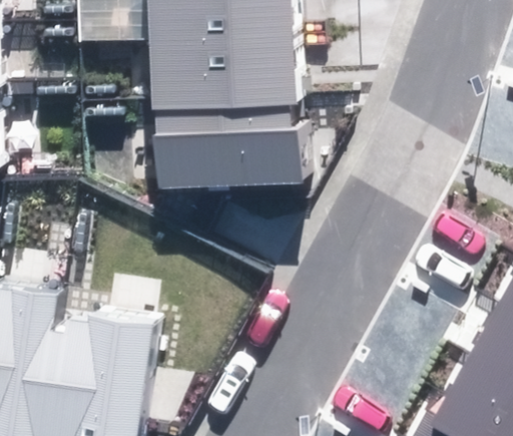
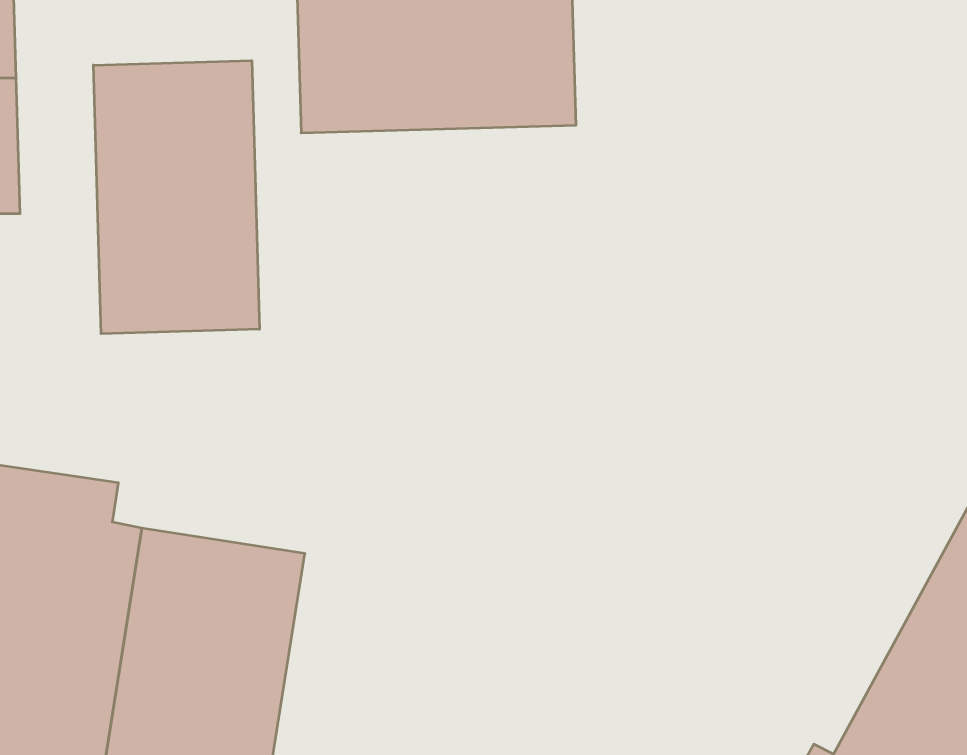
building: none -> [93,61,259,334]
building: [155,110,299,184] -> none

